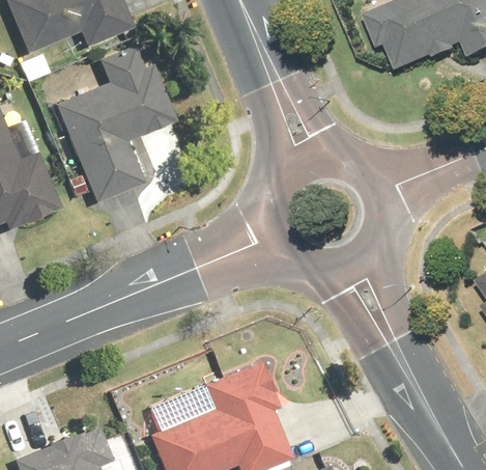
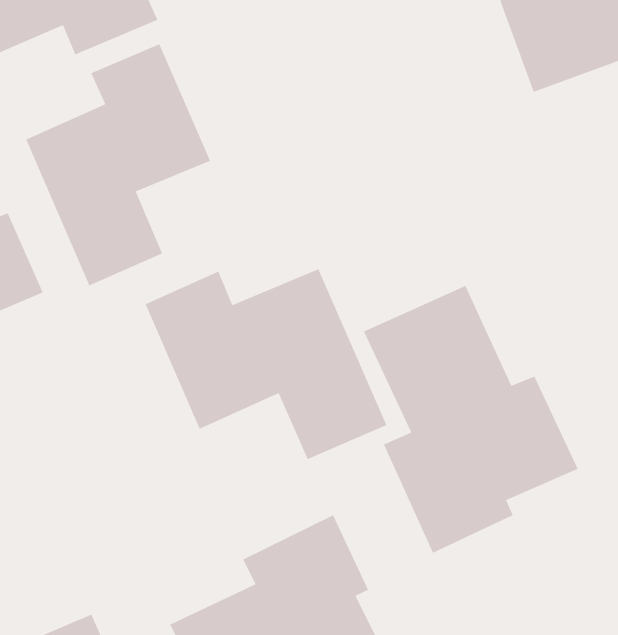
building: none -> [144,268,387,460]
building: none -> [363,285,579,554]

